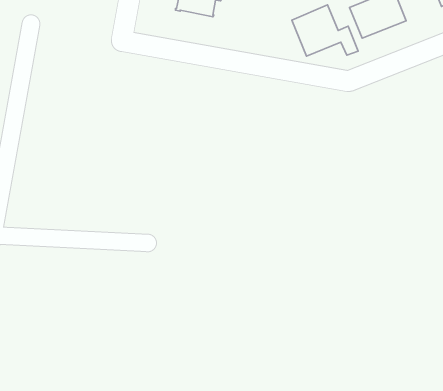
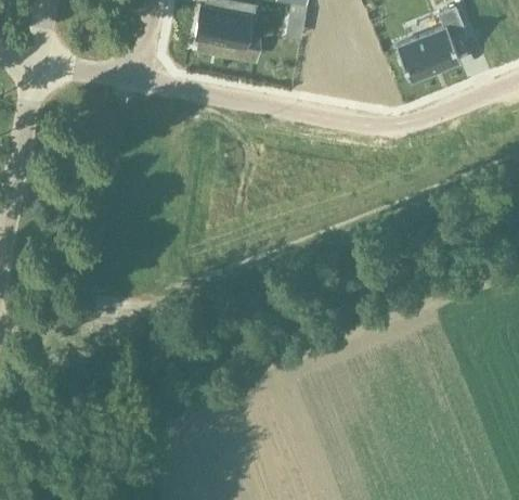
building: [292,5,358,56] -> none

